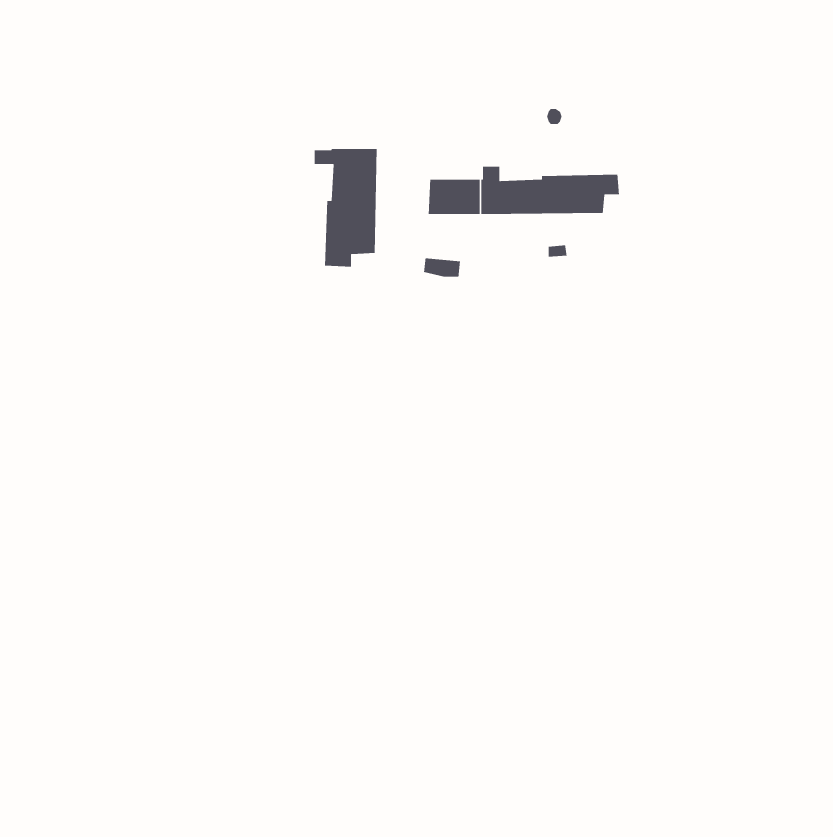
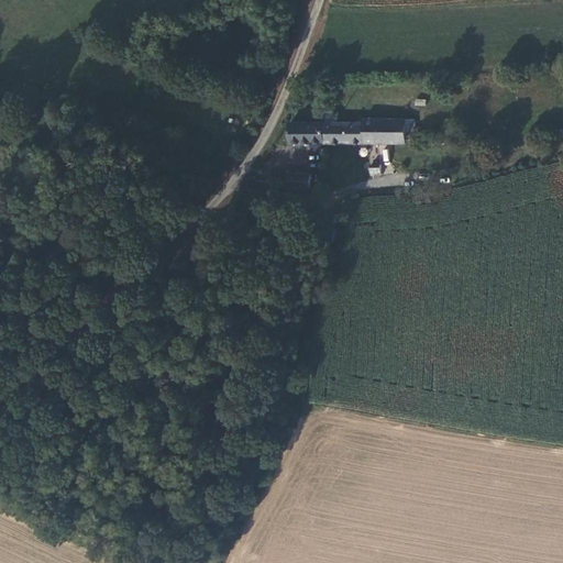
building: [314,148,377,268] -> none

